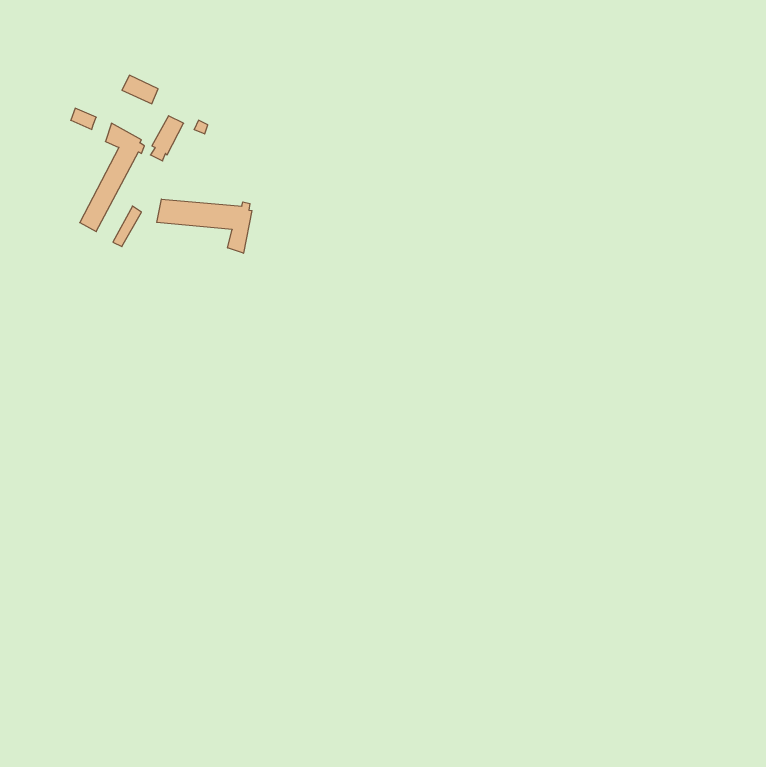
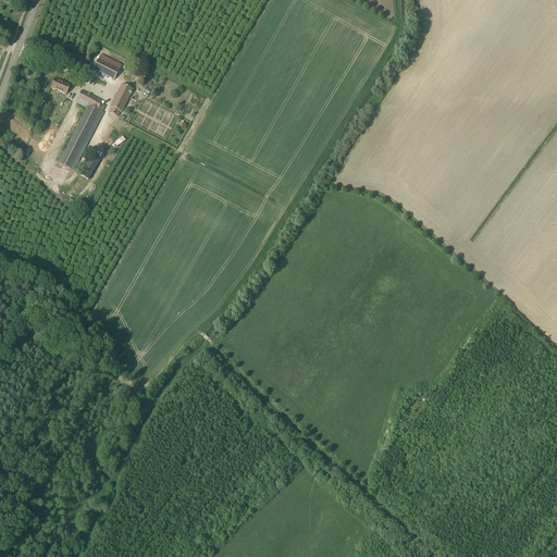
building: [157,199,252,253] -> none

